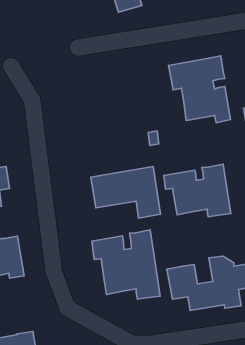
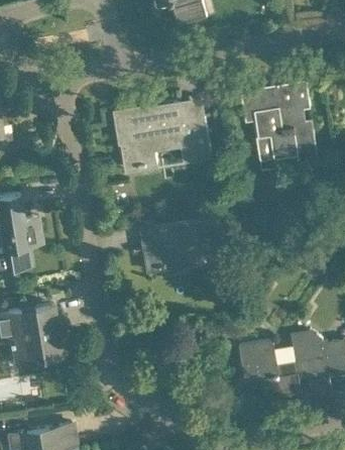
building: none -> [115,102,210,168]
building: [164,164,231,217] -> none
building: [92,230,160,299] -> none

